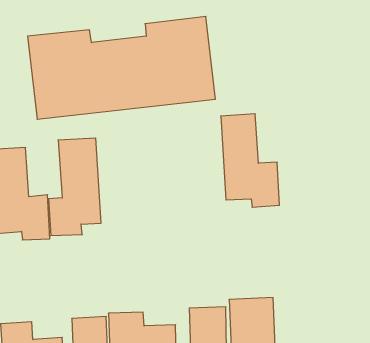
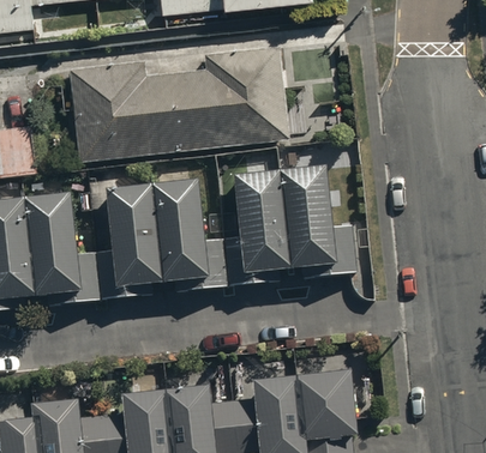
building: none -> [233,159,293,271]
building: none -> [152,181,220,288]

